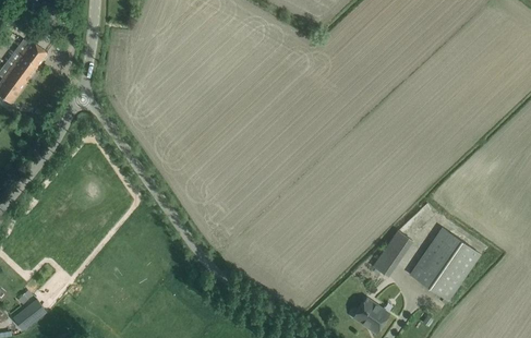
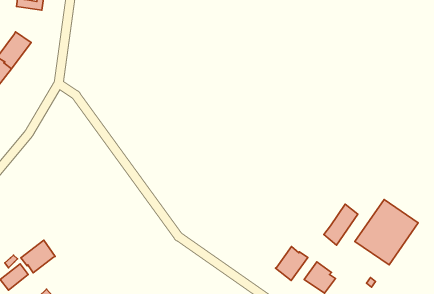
building: none -> [21,240,55,273]
building: none -> [276,247,308,280]

